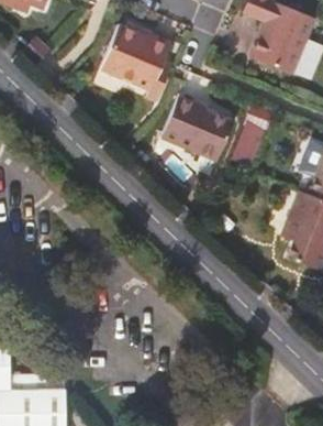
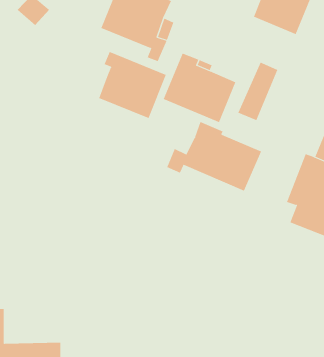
building: none -> [99,51,167,119]
building: none -> [166,121,262,192]

